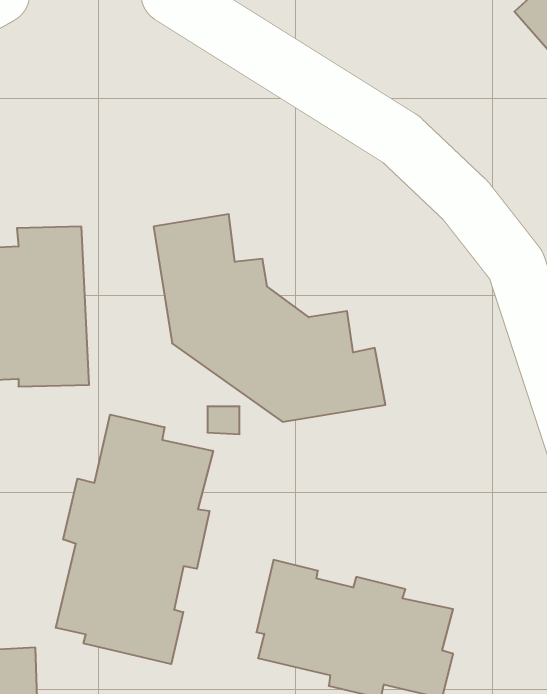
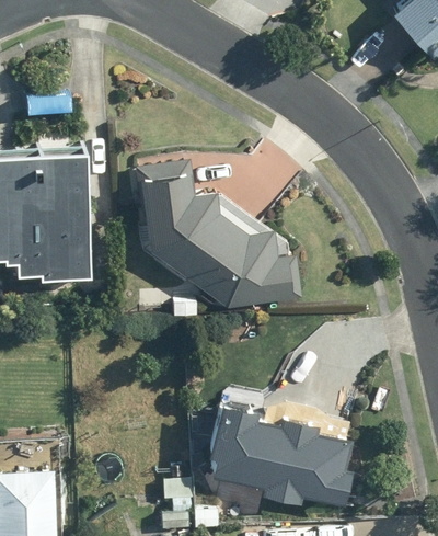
building: [56,415,213,664] -> none

